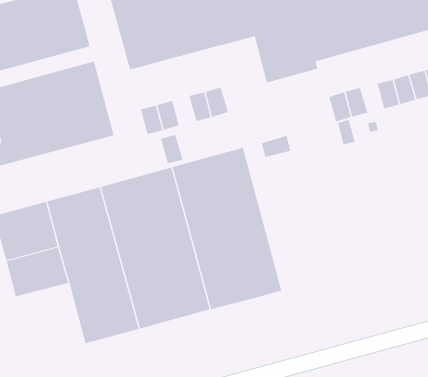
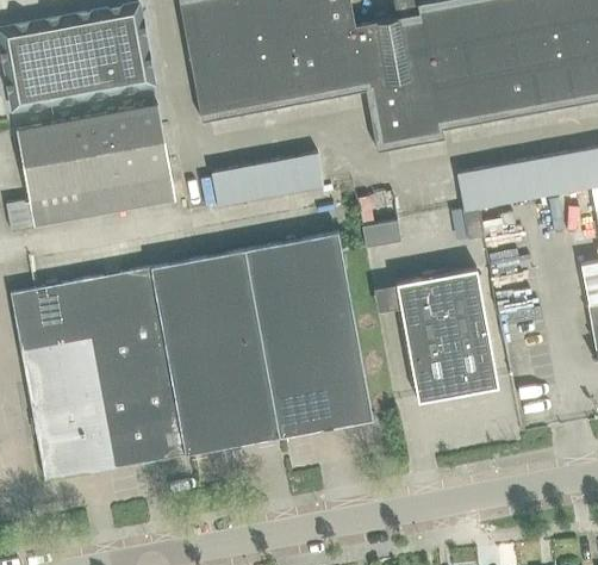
building: none -> [496,163,523,200]
building: [160,134,183,164] -> [254,160,281,197]
building: none -> [395,268,498,401]
building: none -> [31,387,116,480]

